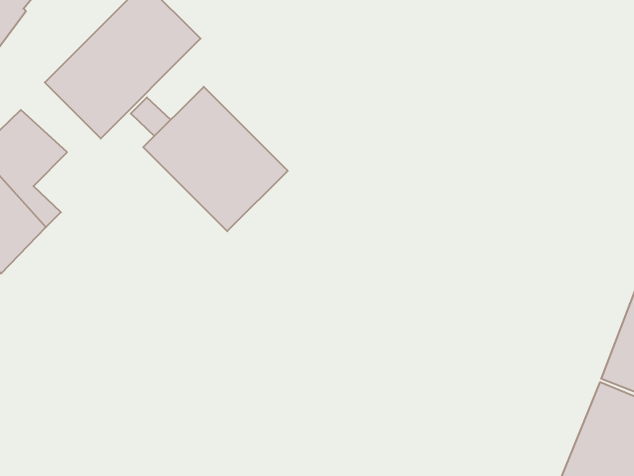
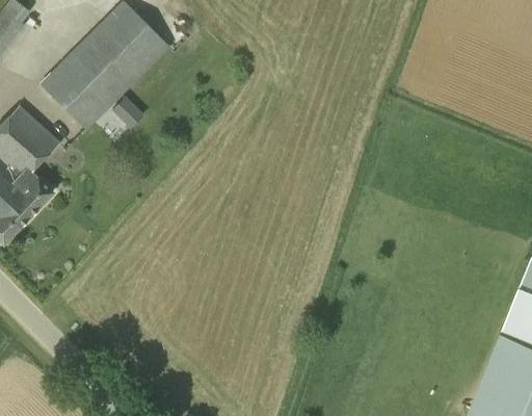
building: [143,87,288,231] -> none

